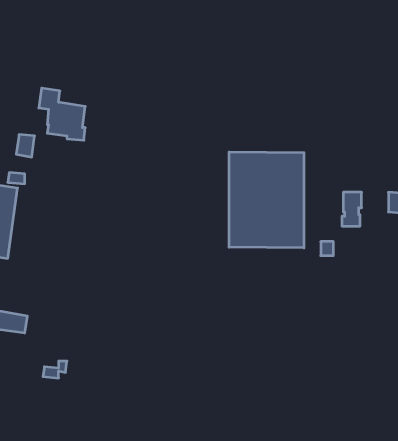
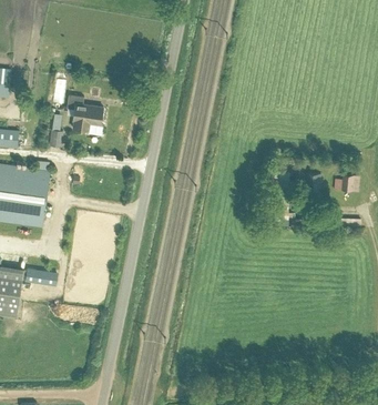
building: [229,152,304,248] -> none

